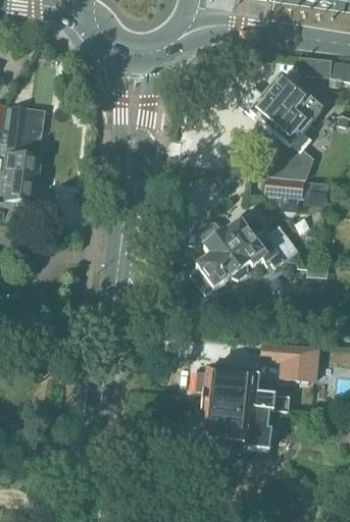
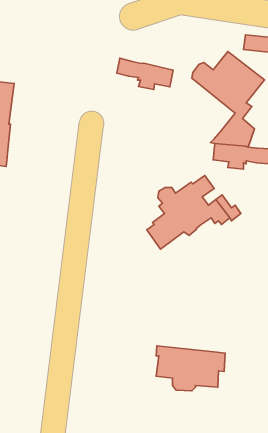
building: none -> [117,58,173,90]
building: [259,341,319,381] -> none
building: [196,361,288,410] -> none

